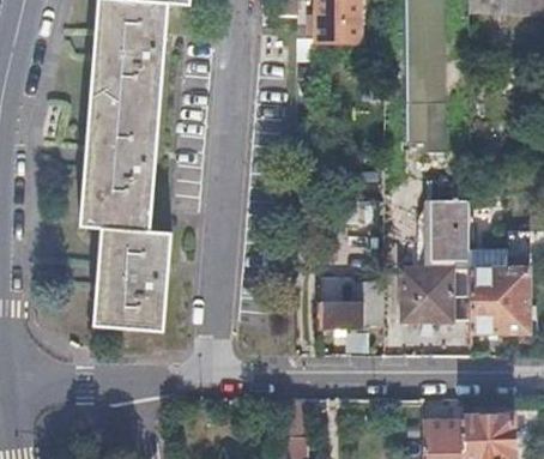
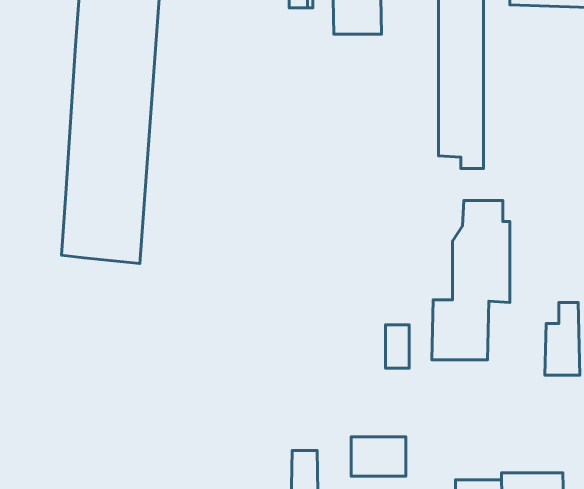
building: [96,229,171,331] -> none
building: [467,267,509,330] -> none
building: [314,294,361,327] -> [351,437,406,476]

